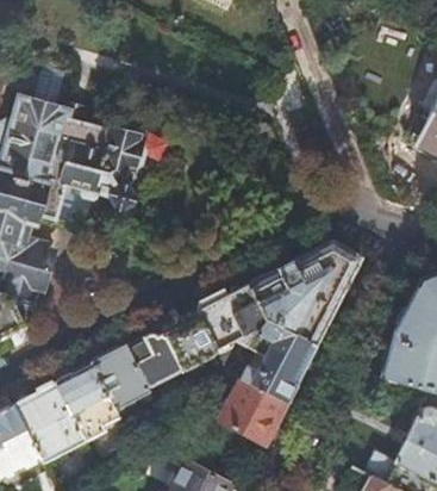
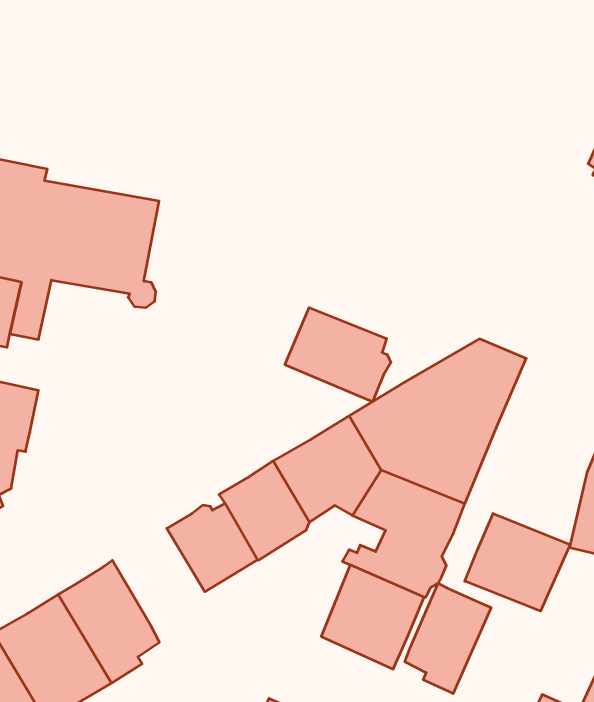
building: none -> [285,308,391,402]
building: [93,347,150,408] -> none
building: none -> [465,513,570,611]
building: none -> [405,583,491,694]

